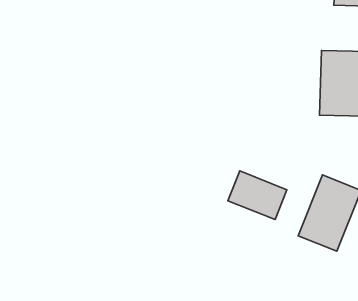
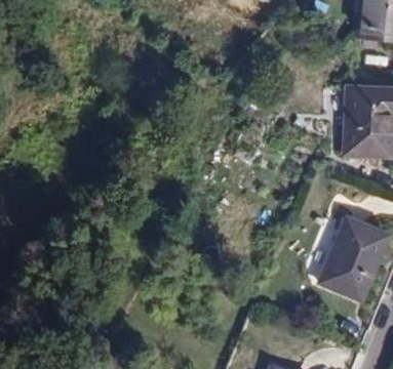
building: [228,171,287,220] -> none

